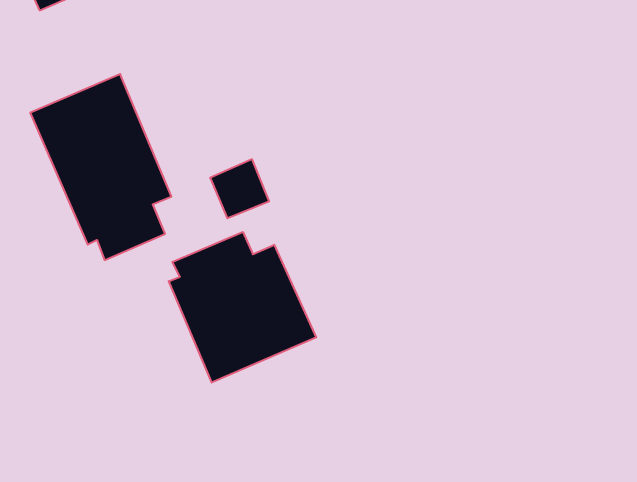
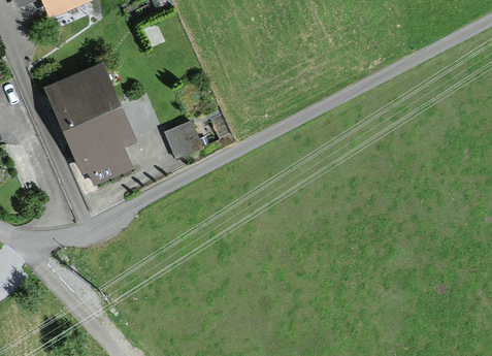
building: [169,232,316,383] -> none

